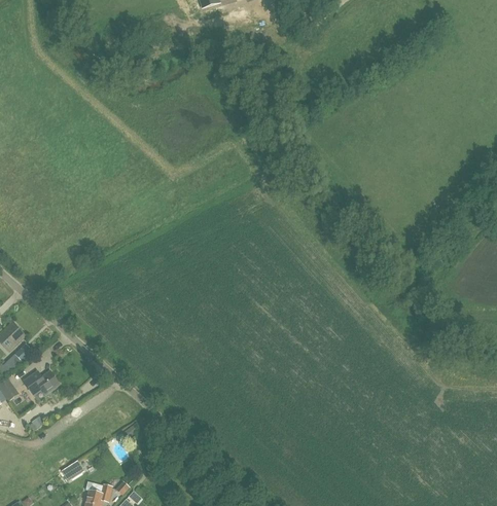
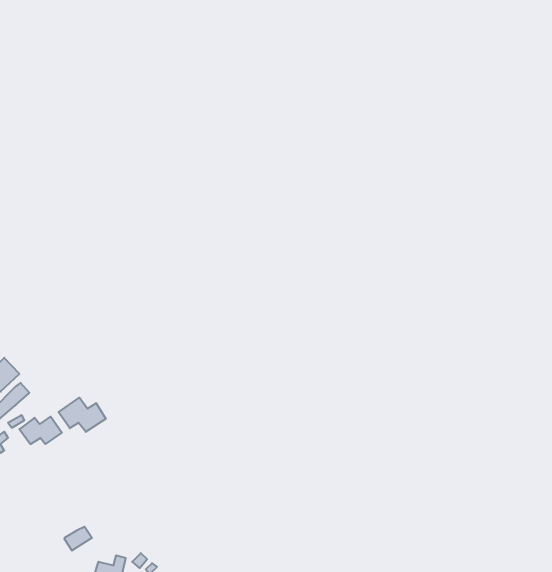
building: none -> [59,398,106,432]

